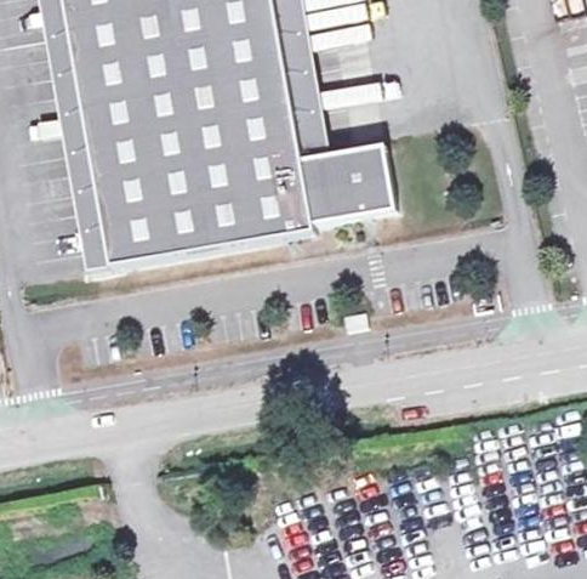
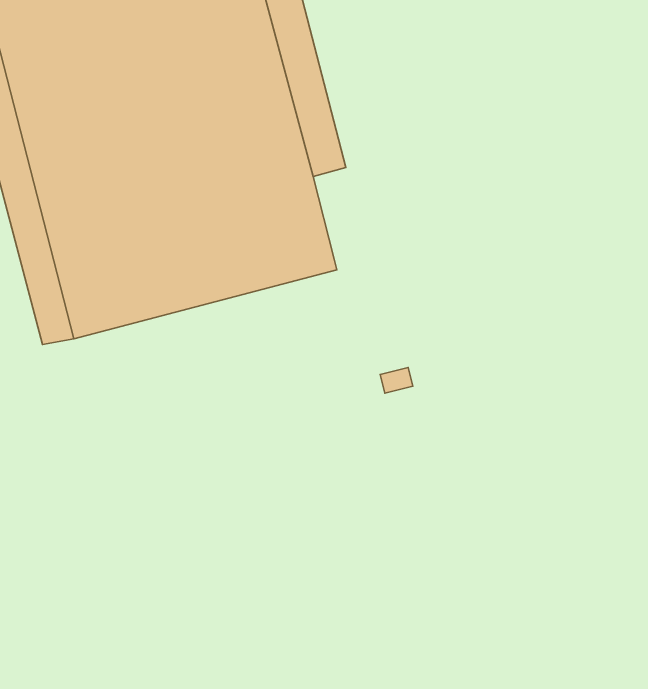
building: [303,143,397,222] -> none

